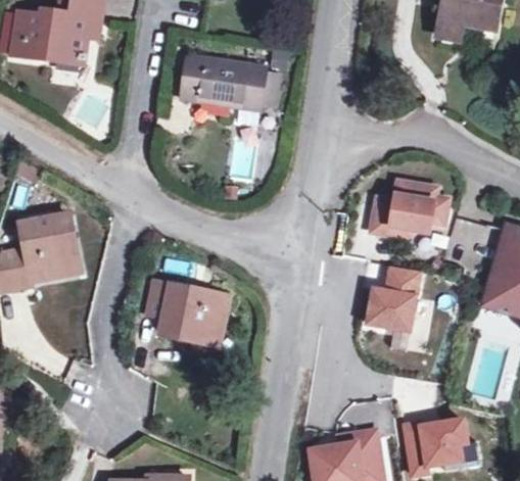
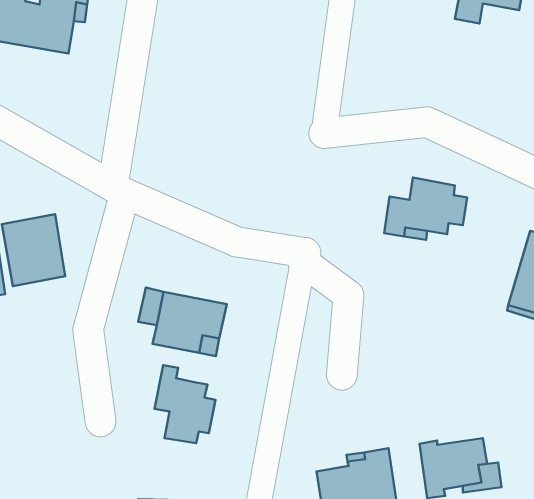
building: [179,55,266,109] -> none
building: [368,268,420,330] -> none
building: none -> [155,365,215,443]

